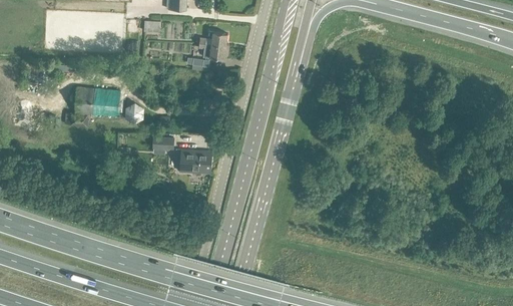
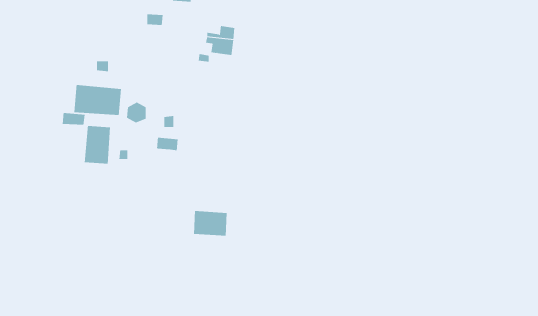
building: none -> [84,125,110,165]
building: [178,148,210,173] -> [193,211,228,236]

